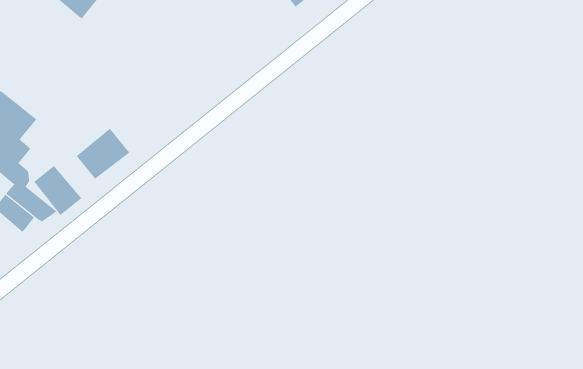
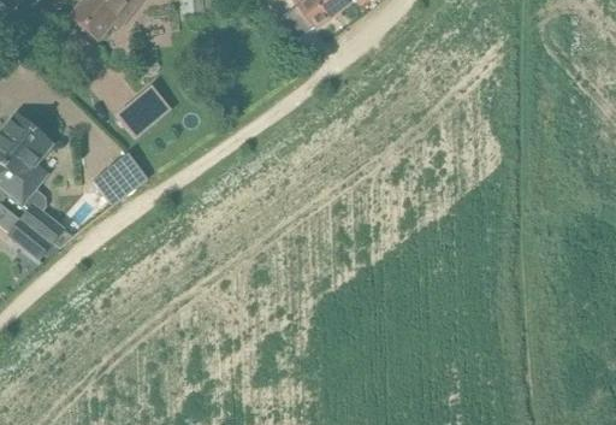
building: none -> [116,85,170,137]
building: [34,165,82,216] -> none

